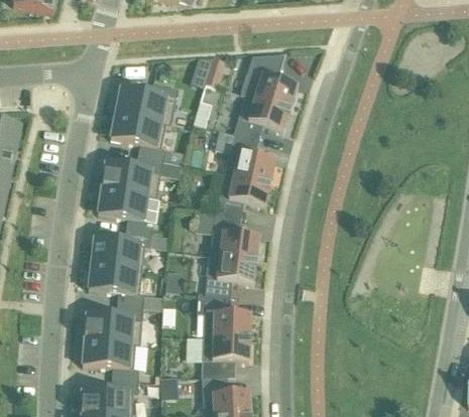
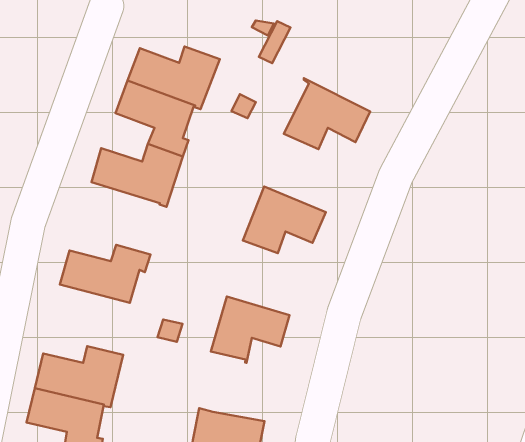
building: [240,53,298,108] -> none
building: [216,130,275,183] -> none
building: [98,188,153,233] -> none
building: [210,213,259,260] -> none
building: [89,264,144,306] -> none
building: [197,294,250,337] -> none

